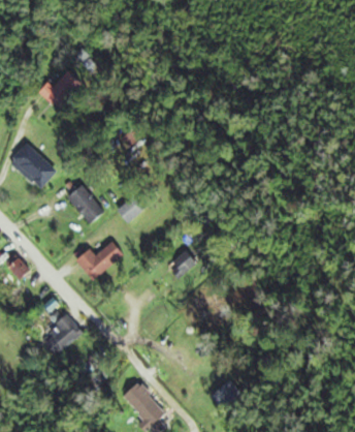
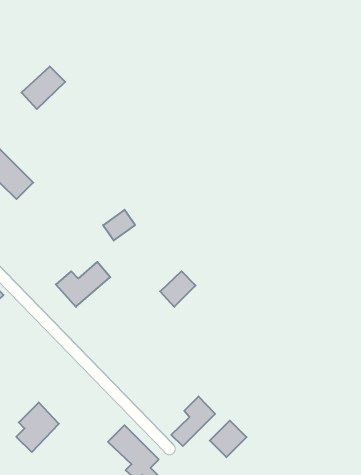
building: [66,184,105,224] -> none
building: [44,312,82,356] -> [16,402,59,452]
building: none -> [171,396,215,446]

